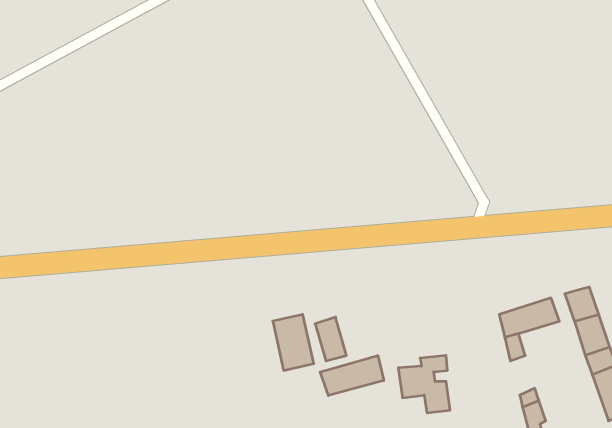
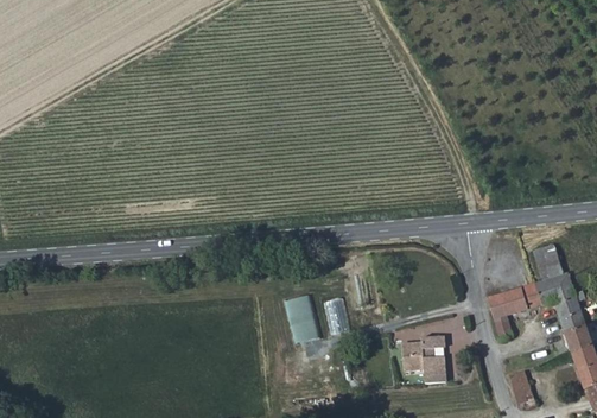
building: none -> [533,245,563,303]
building: [320,356,384,396] -> none

